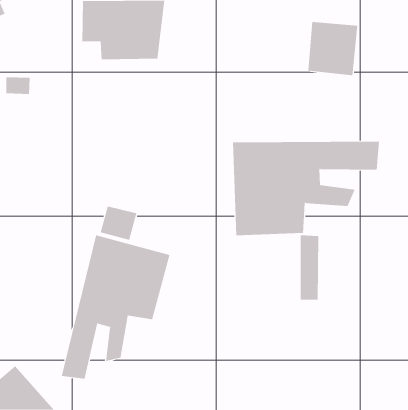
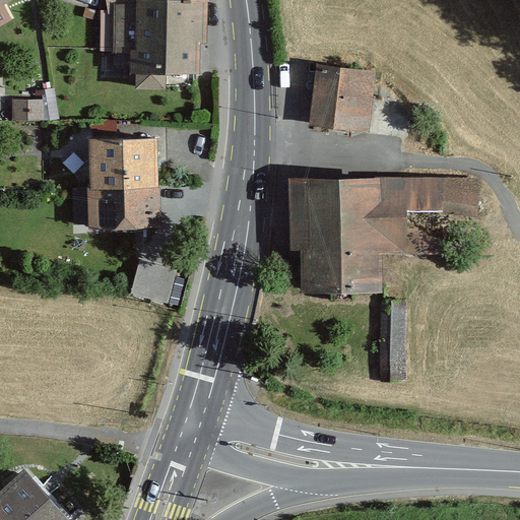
building: [307,22,358,76] -> [309,66,373,134]
building: none -> [85,139,157,229]
building: [61,234,170,379] -> none

